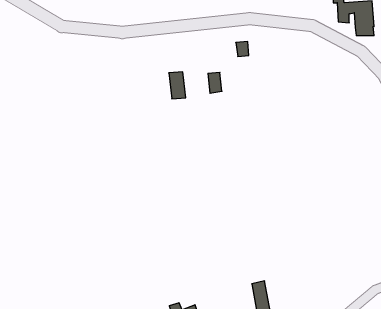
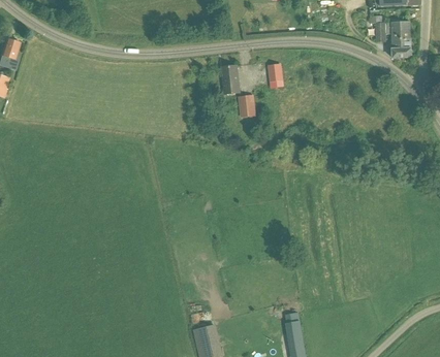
building: [169,72,186,99] -> [221,66,239,94]

